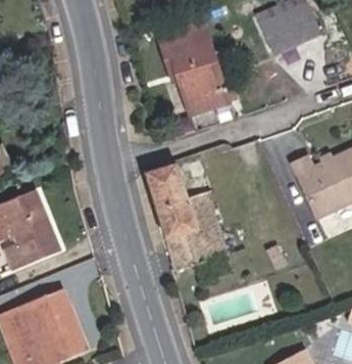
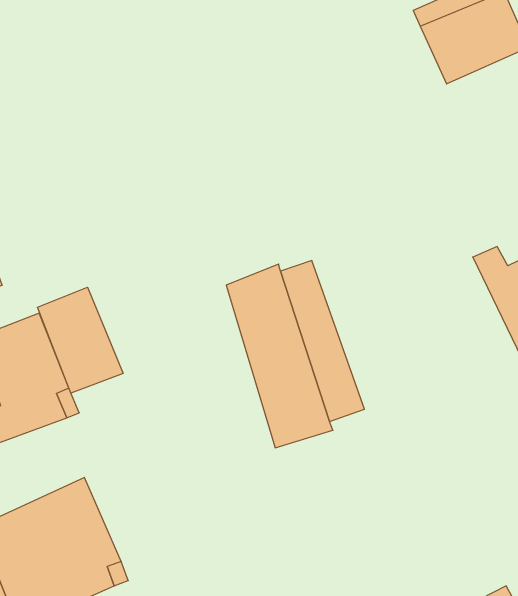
building: [159,18,230,116] -> none
building: none -> [37,287,123,393]

